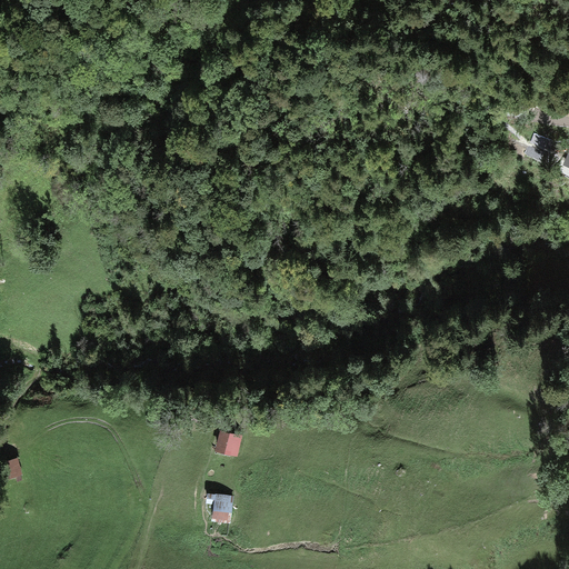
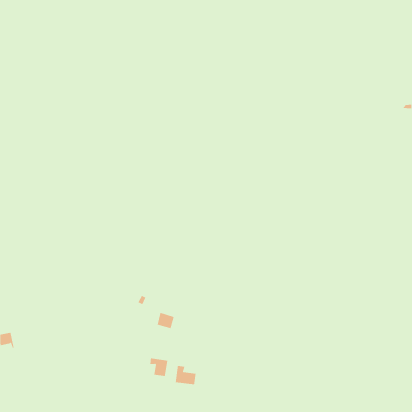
building: none -> [175,365,196,385]

